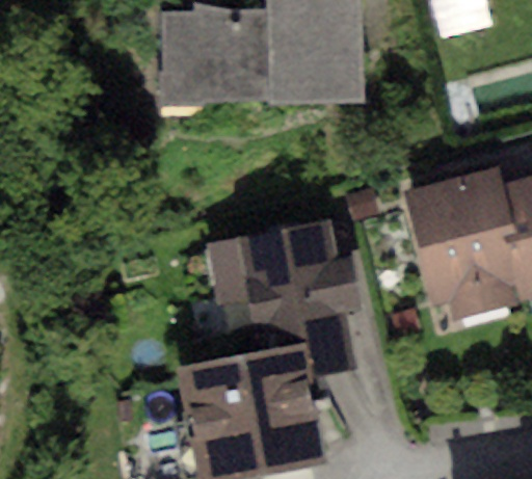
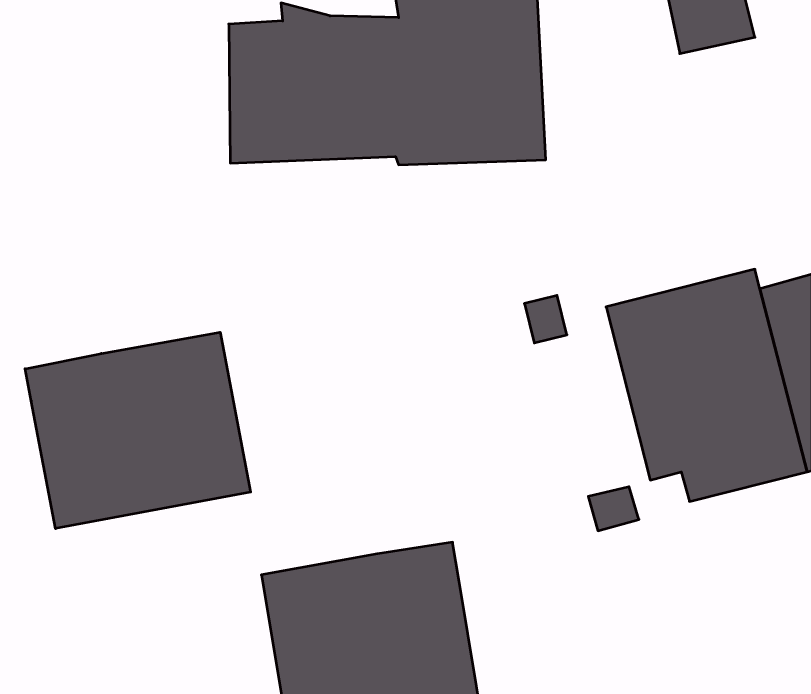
building: none -> [25,332,251,529]
building: [202,215,360,370] -> none

